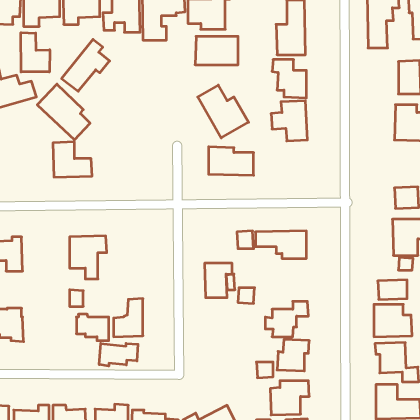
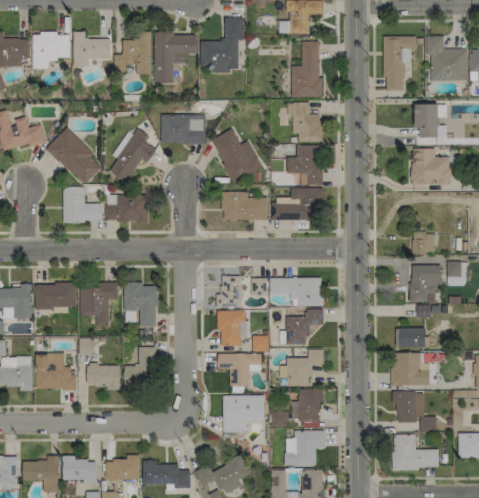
building: [21,33,50,72] -> none
building: [195,36,238,65] -> [161,115,205,144]
building: [62,39,110,91] -> [108,129,157,182]
building: none -> [272,188,323,221]
building: none -> [106,195,148,223]
building: none -> [216,276,243,308]
building: none -> [124,283,158,327]
building: none -> [35,284,77,309]
building: none -> [286,310,324,345]
building: none -> [36,353,76,390]
building: none -> [218,354,261,386]
building: [99,343,138,366] -> none
building: none -> [224,396,265,433]

